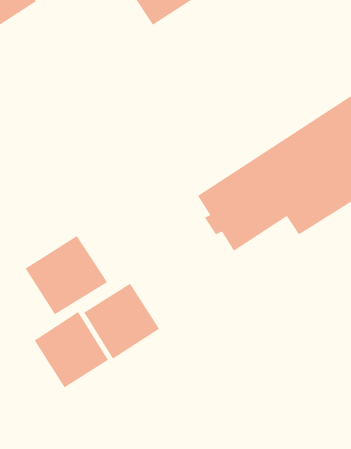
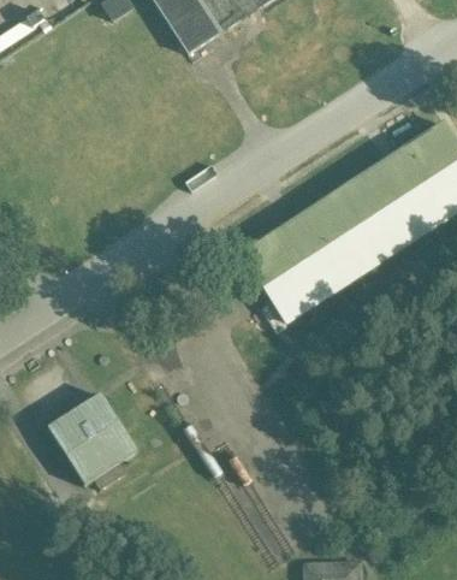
building: [25,235,108,315] -> none
building: [84,283,160,360] -> none

